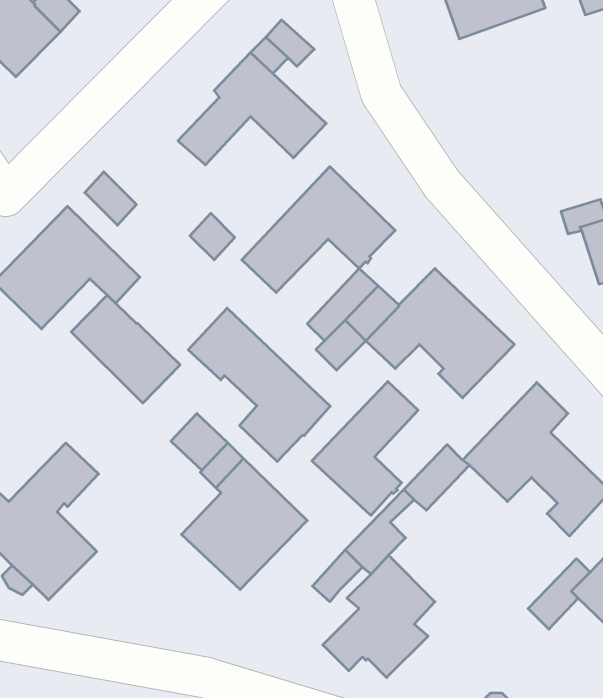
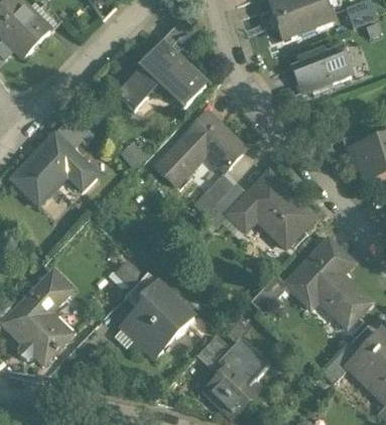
building: none -> [292,46,351,91]
building: [71,295,180,403] -> none
building: [188,308,330,462] -> none
building: [312,381,418,515] -> none

